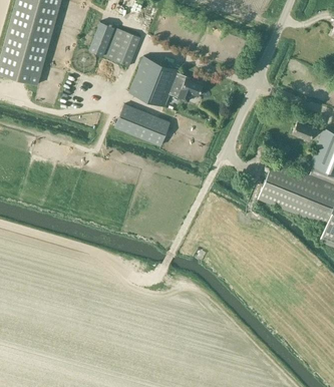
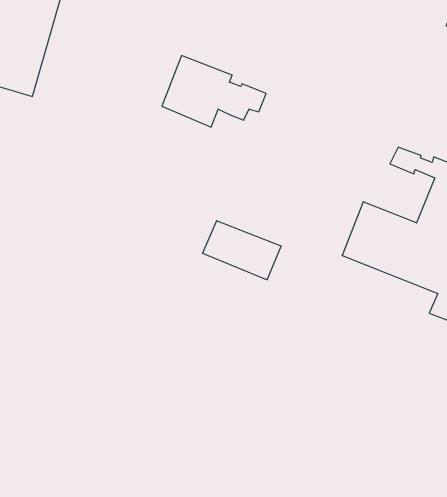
building: [89,22,140,67] -> none
building: [114,104,171,146] -> [202,221,281,280]

